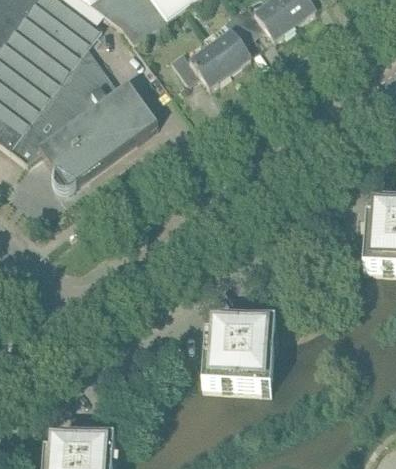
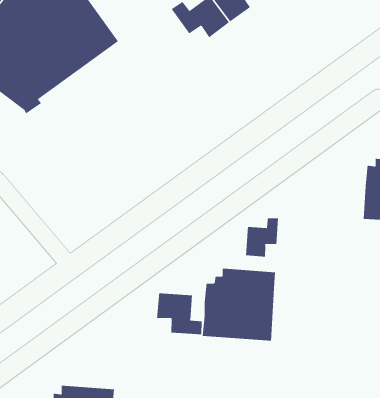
building: [39,82,158,188] -> none
building: none -> [245,218,278,258]
building: none -> [156,292,202,335]

